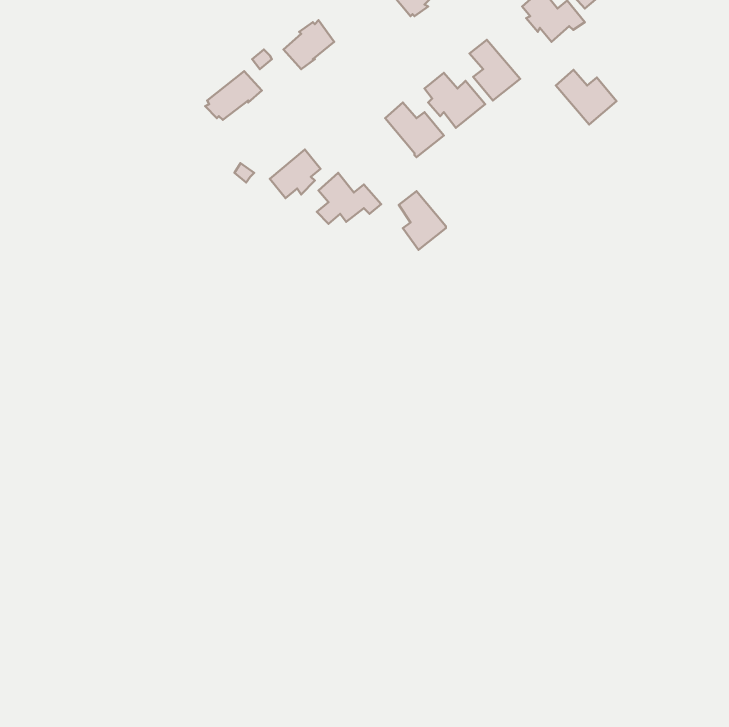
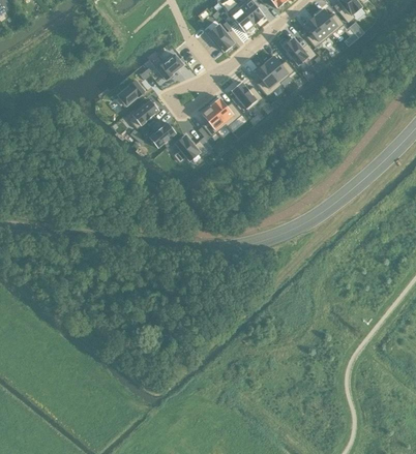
building: [556,70,617,125] -> [263,55,295,84]
building: none -> [127,99,158,128]
building: [399,191,446,250] -> [200,104,225,135]

